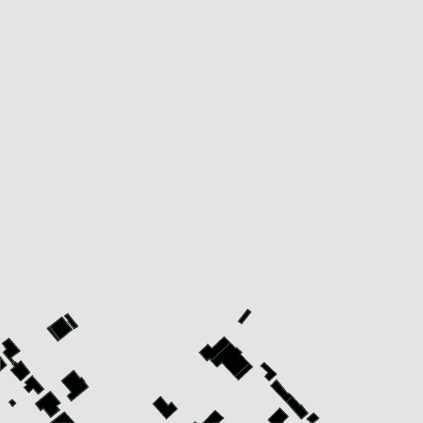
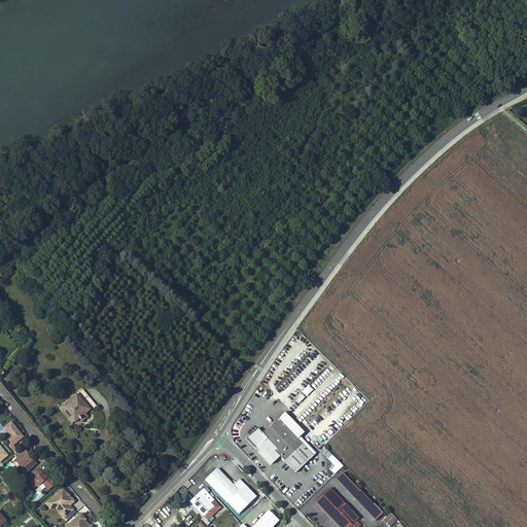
building: [62,371,88,401] -> none
building: none -> [206,469,257,515]
building: none -> [316,488,348,522]

